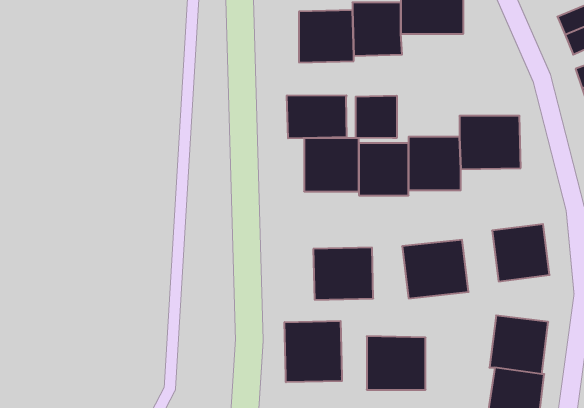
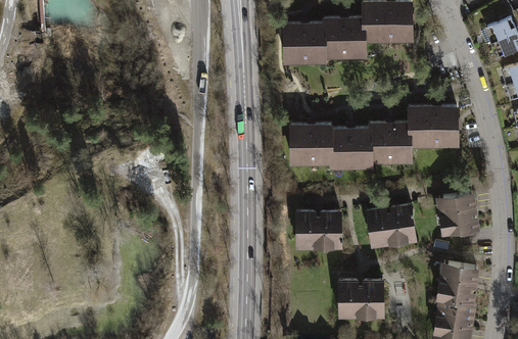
building: [287,95,346,138] -> none
building: [356,96,397,138] -> none
building: [285,321,342,382] -> none

